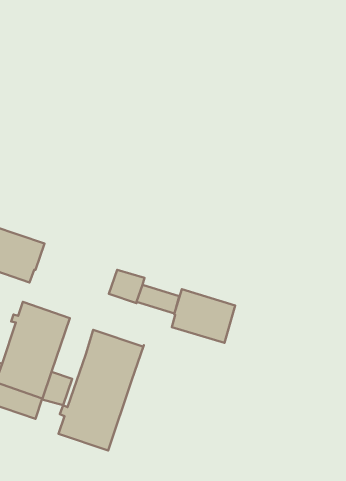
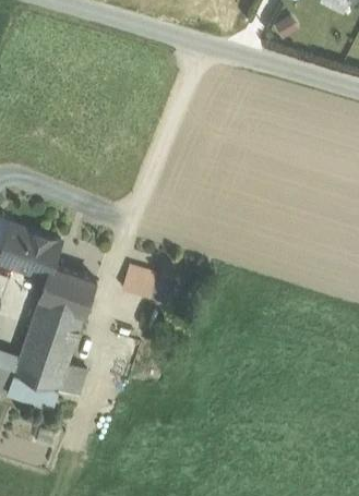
building: none -> [40,266,96,312]
building: [172,289,235,343] -> none
building: [58,330,144,450] -> none

